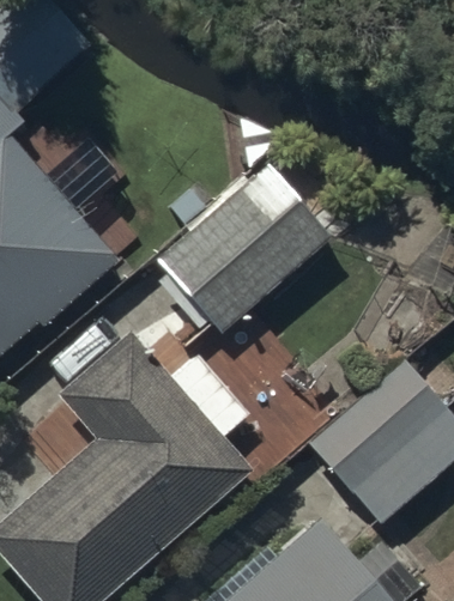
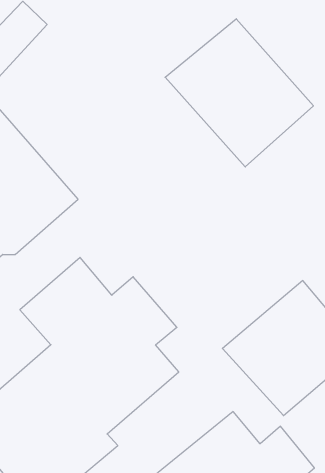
building: none -> [165,19,313,167]
building: [151,163,331,336] -> none

